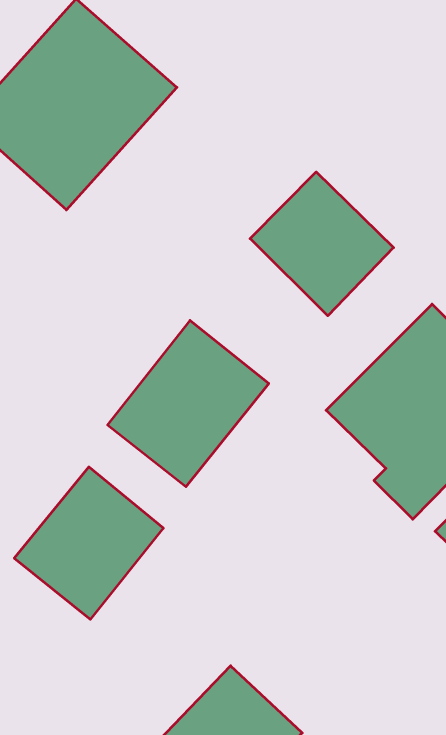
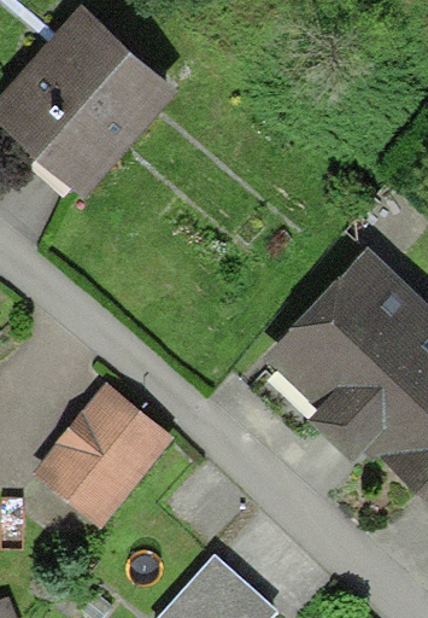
building: [250,172,394,316] -> none
building: [108,320,269,487] -> none

